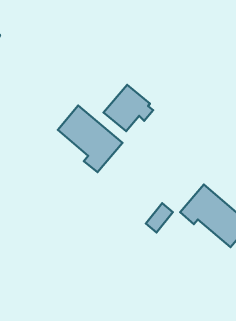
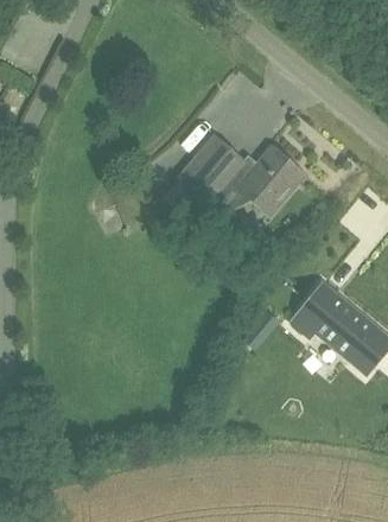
building: none -> [237,149,304,216]
building: [58,105,122,172] -> none

